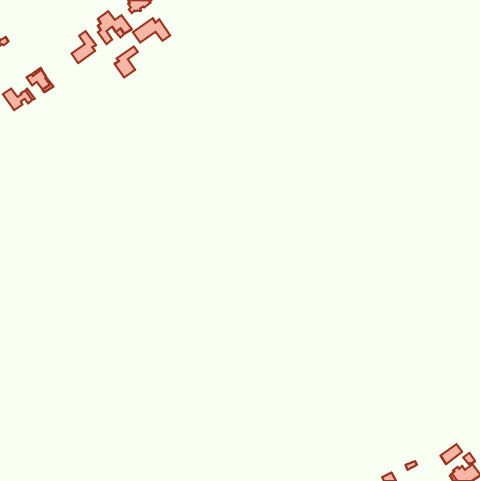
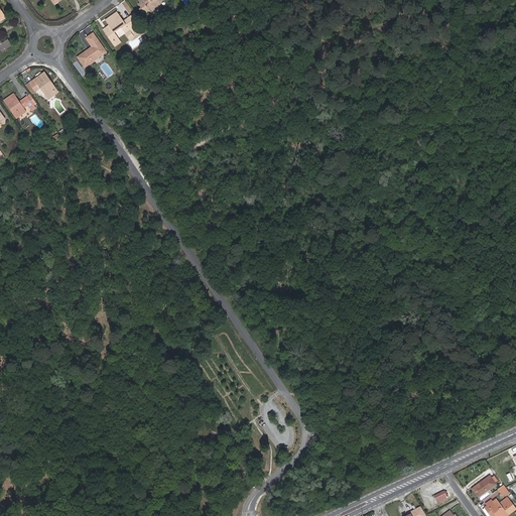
building: [133,18,170,42] -> none
building: [115,47,138,78] -> none

